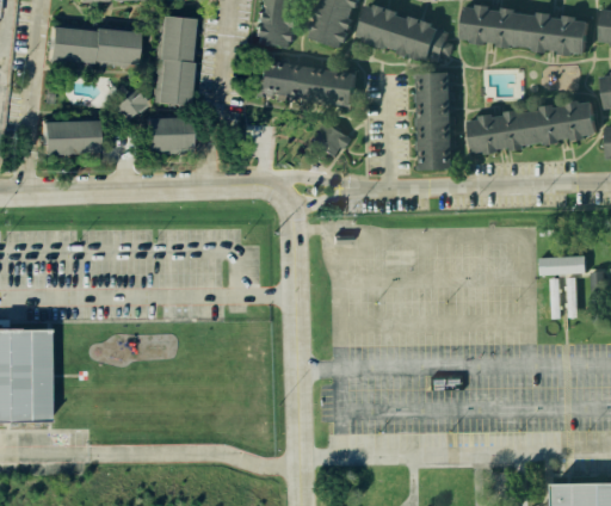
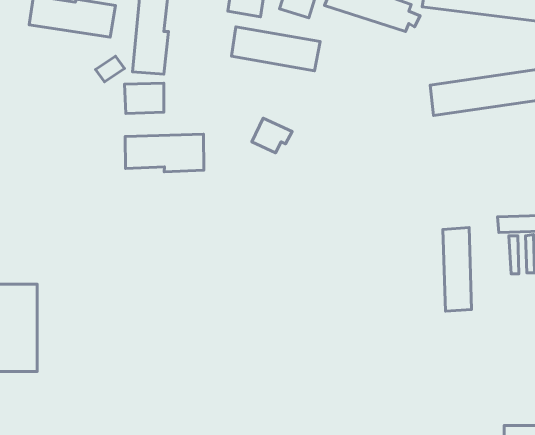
building: [420,74,450,168] -> none
building: [41,118,98,153] -> none
building: [315,123,358,160] -> [252,118,292,153]
building: none -> [125,134,204,172]
building: none -> [443,228,472,311]

